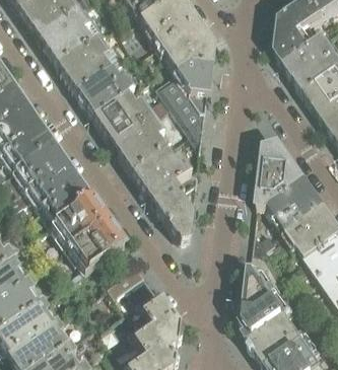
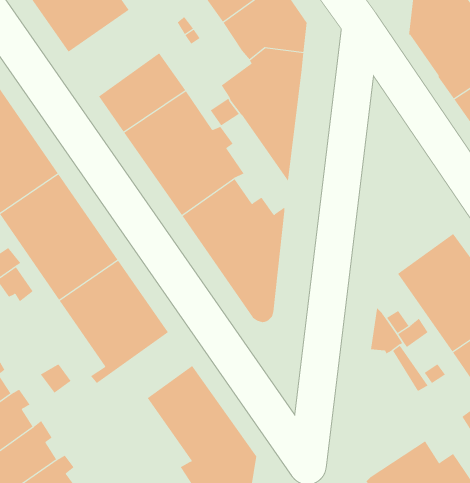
building: [56,33,115,89] -> none
building: [257,138,305,204] -> none
building: [243,262,294,335] -> none

